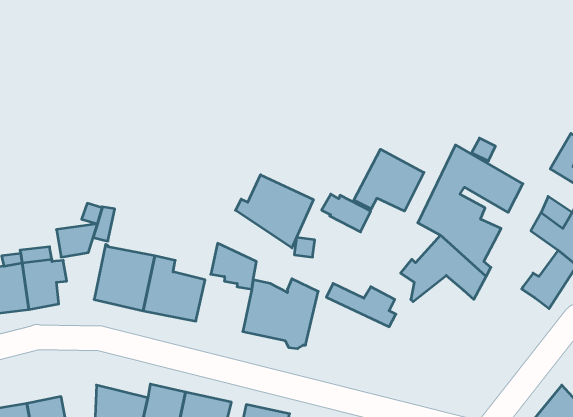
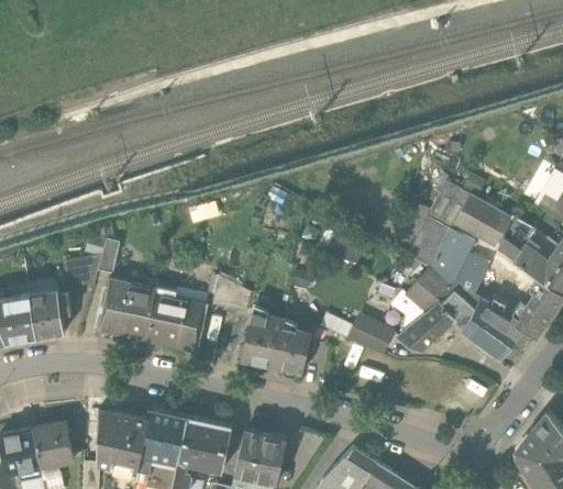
building: [354,149,424,211] -> none
building: [235,175,313,248] -> none
building: none -> [496,216,534,264]
building: none -> [462,299,522,360]
building: none -> [397,307,453,351]

